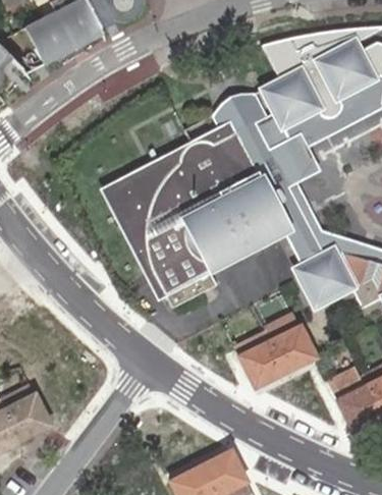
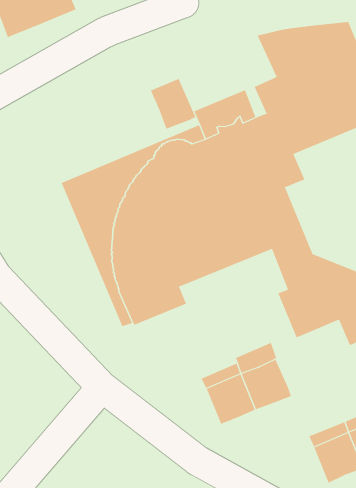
building: none -> [150,78,196,129]

